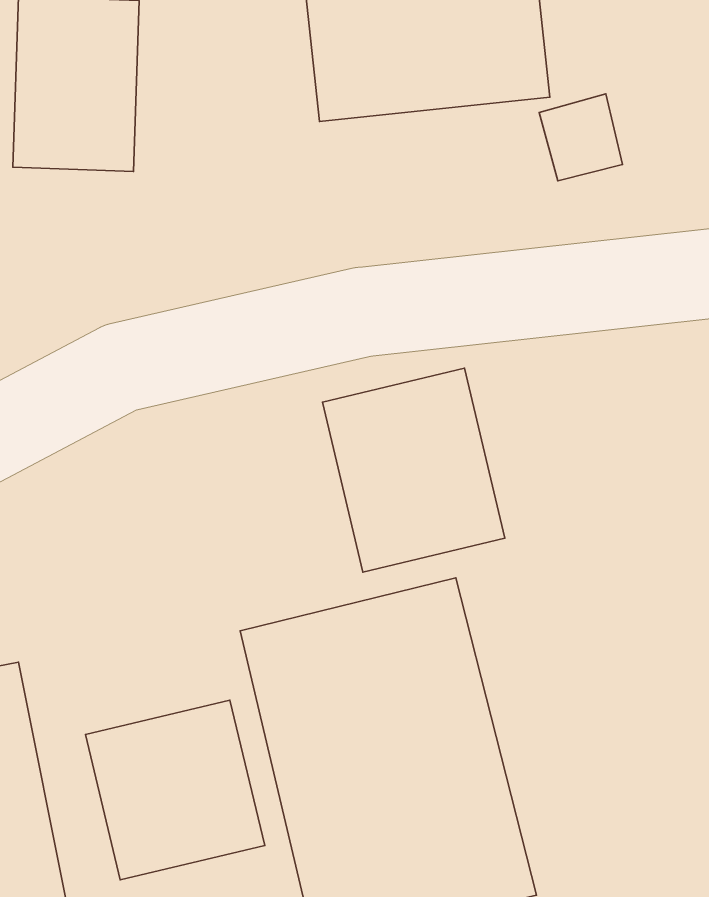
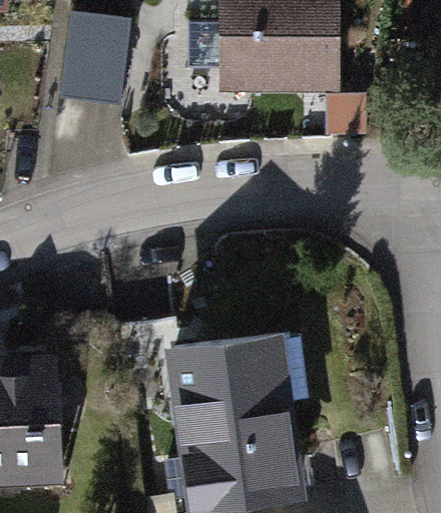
building: [323,368,505,572] -> none
building: [85,700,265,880] -> none

